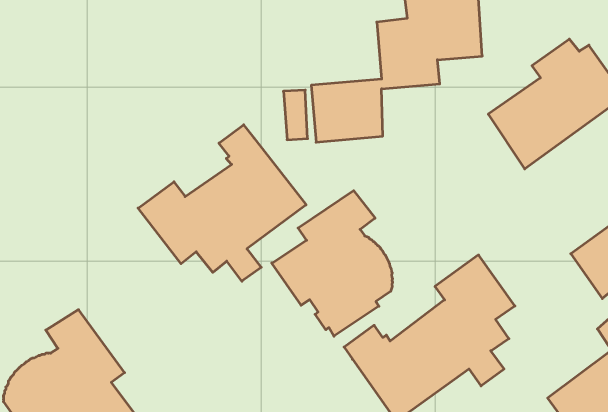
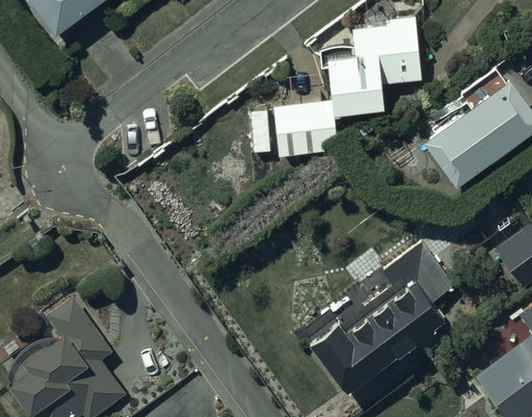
building: [138,125,306,281] -> none
building: [272,191,393,336] -> none

